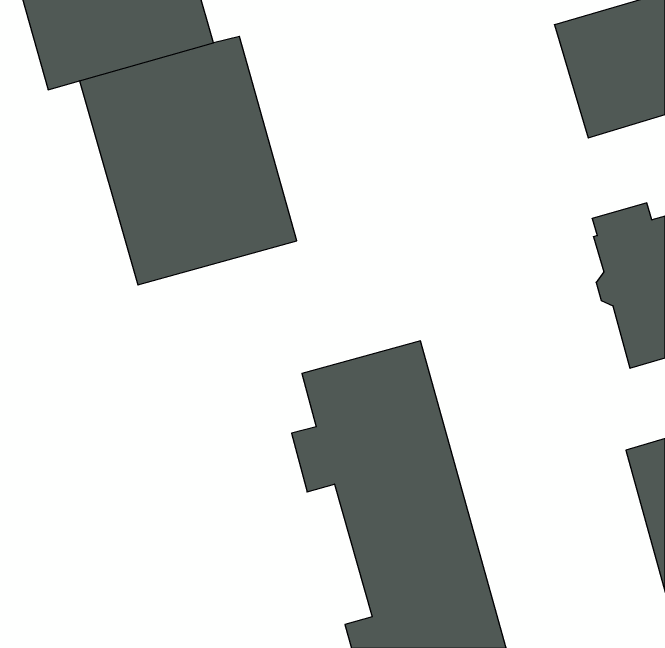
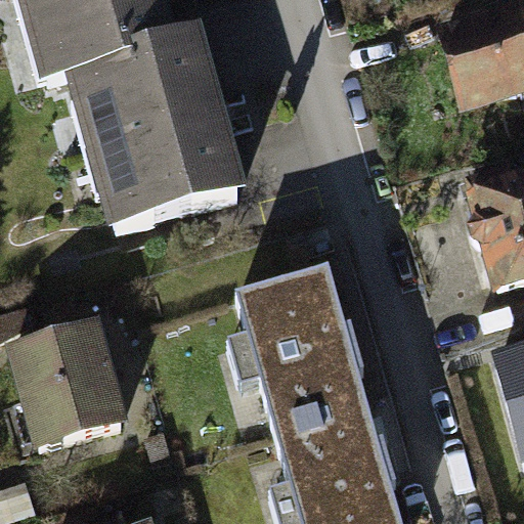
building: none -> [6,318,130,449]

